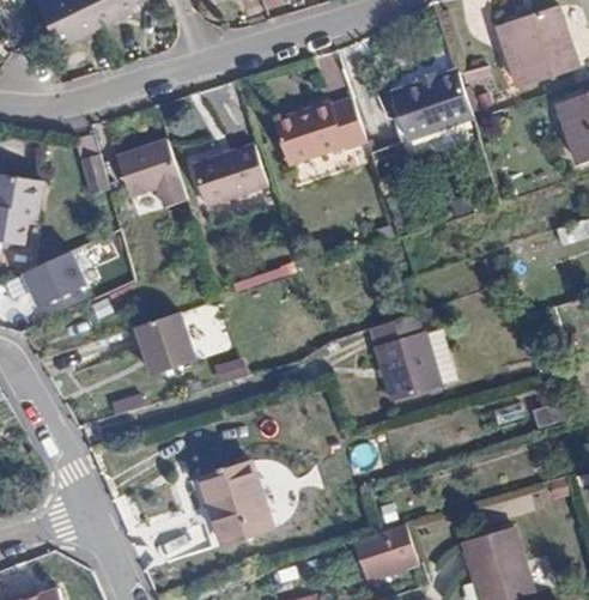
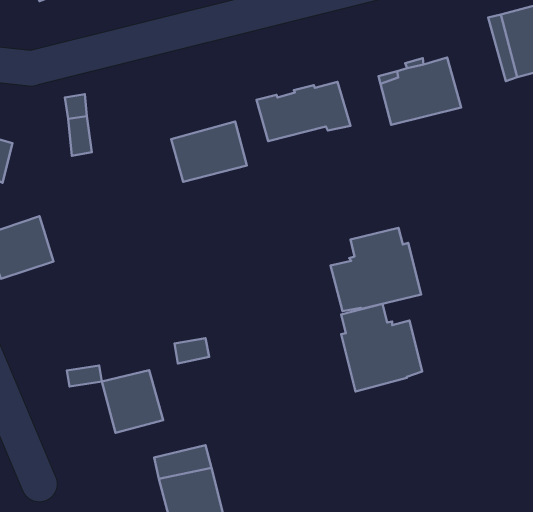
building: [125,139,192,205] -> none
building: none -> [331,228,421,311]
building: [135,315,198,378] -> [102,370,163,433]

